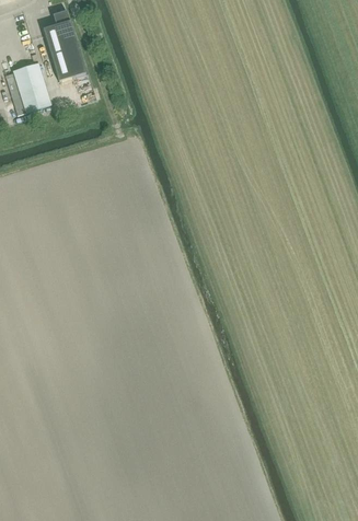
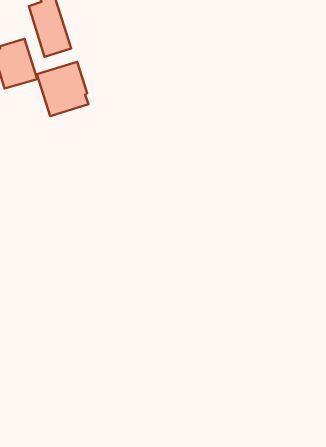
building: none -> [37,62,88,116]

